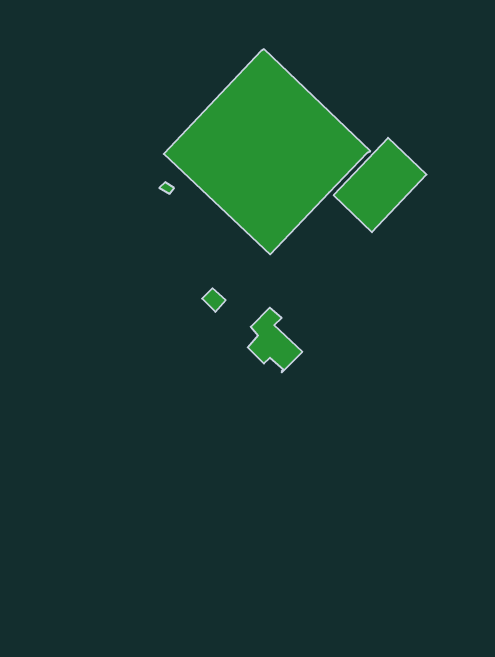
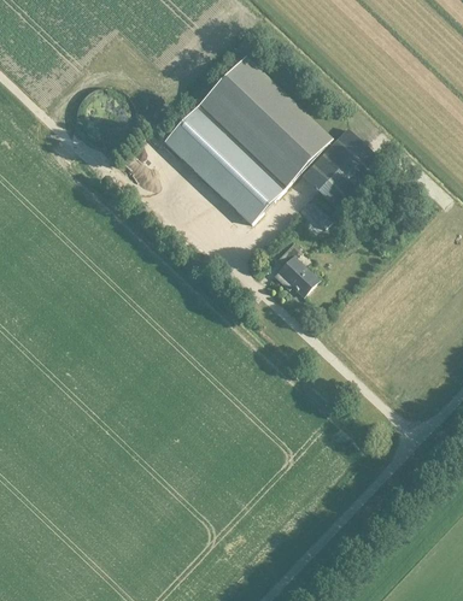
building: [248,308,302,372] -> [274,243,318,296]

